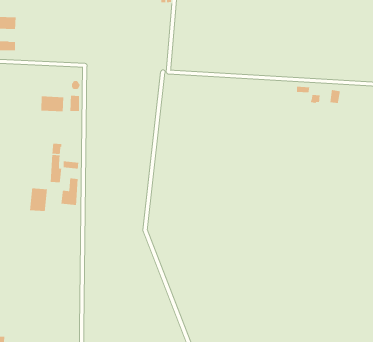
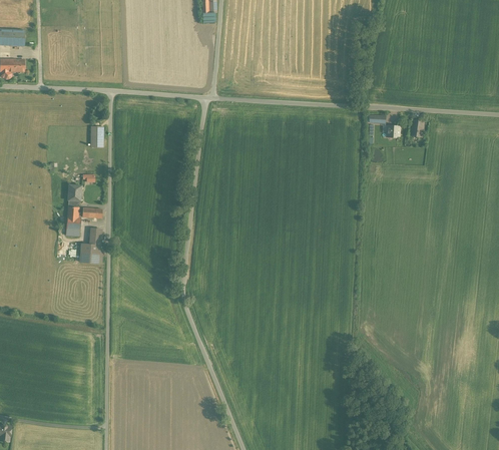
building: [40,96,64,112] -> none
building: [29,188,48,212] -> none

